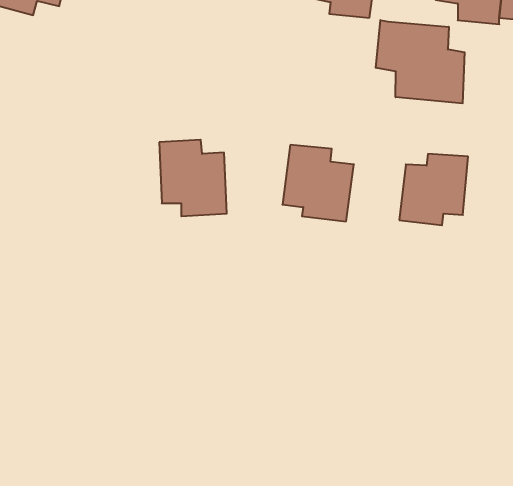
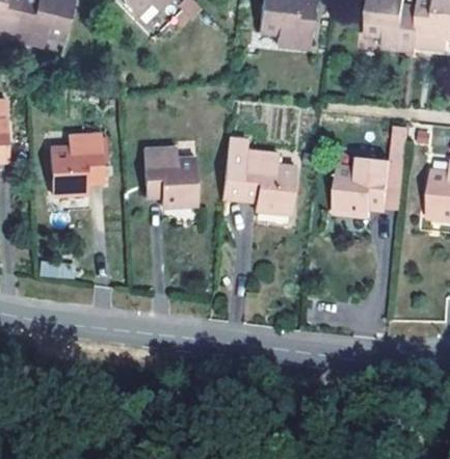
building: [376,20,465,103] -> none
building: none -> [50,132,101,194]

